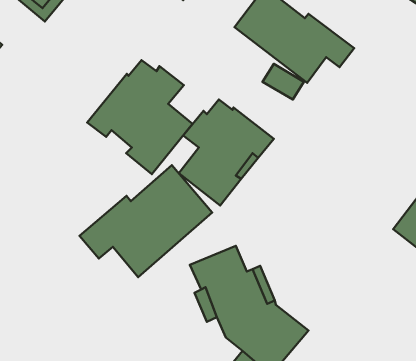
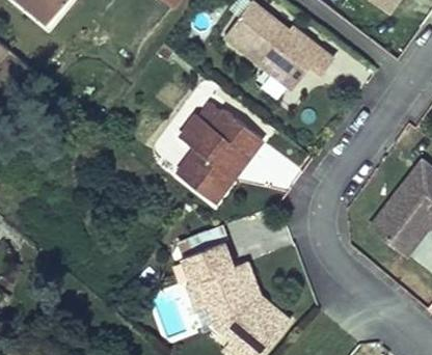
building: [87,60,193,174] -> none
building: [80,165,212,277] -> none

